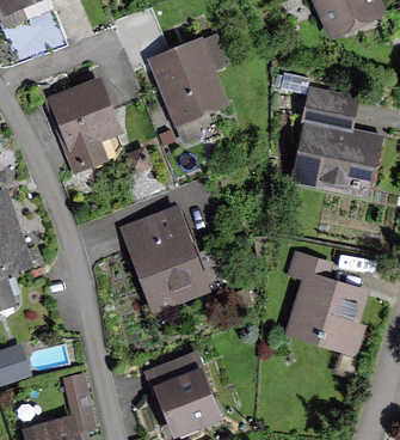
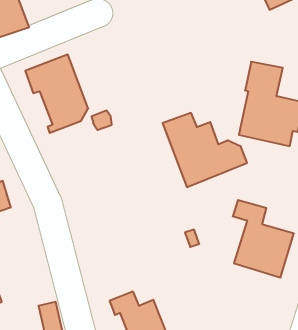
building: [150,37,222,121] -> none
building: [124,218,223,305] -> [163,113,247,187]

